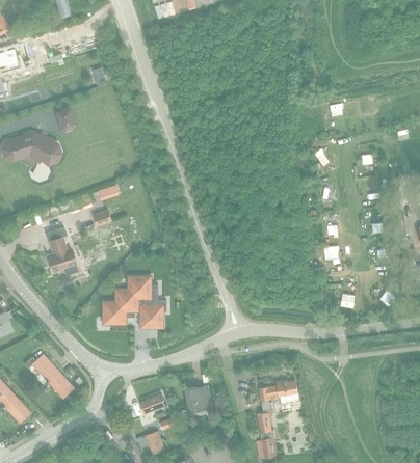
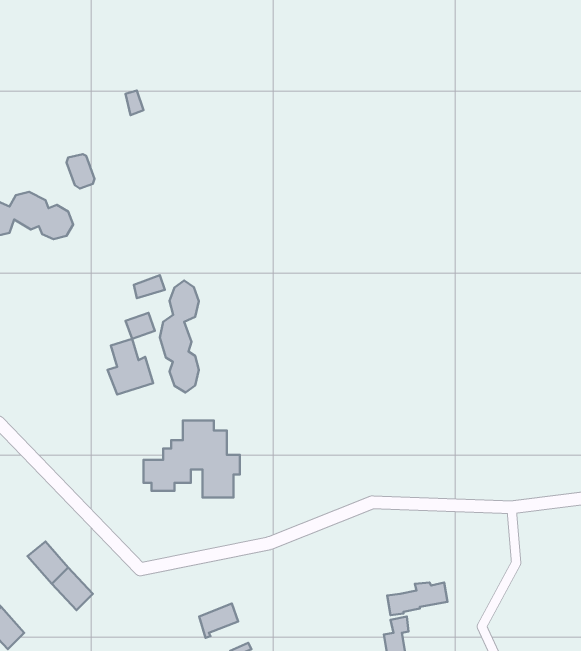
building: none -> [160,280,199,392]
building: [47,236,76,271] -> [108,339,153,394]
building: [186,385,213,412] -> none

